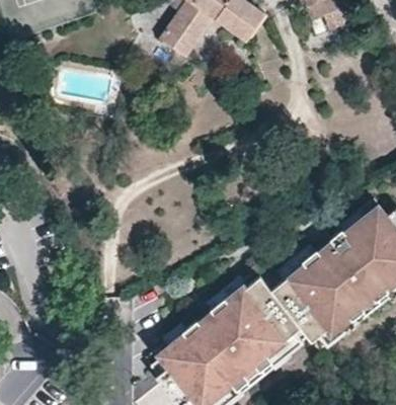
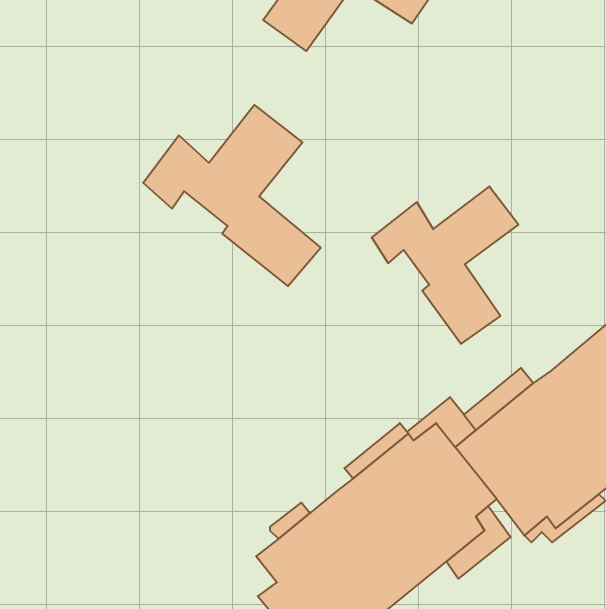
building: none -> [143,105,321,286]
building: none -> [372,186,518,344]

